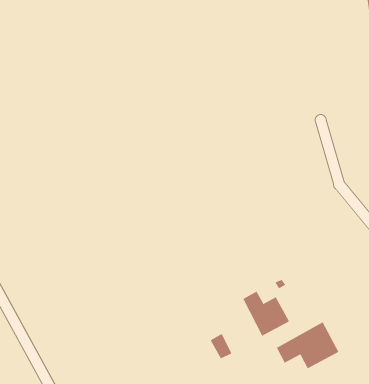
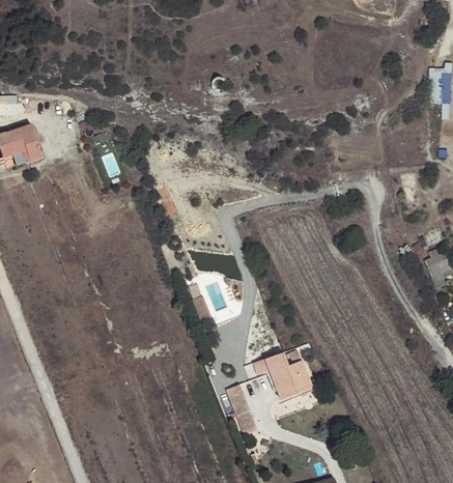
building: [276,322,339,369] -> none

